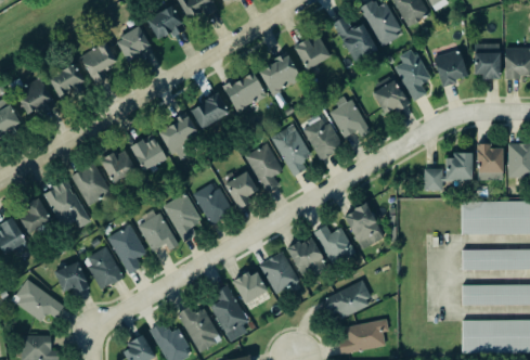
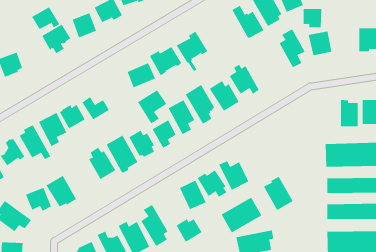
building: [293,37,328,69] -> none
building: [473,53,499,79] -> [303,8,322,28]
building: [48,64,87,95] -> [31,6,60,30]
building: [371,76,409,116] -> none
building: [159,114,199,160] -> [137,89,167,124]
building: [423,153,470,190] -> none
building: [342,203,384,249] -> [263,176,294,211]
building: [104,218,148,277] -> none
building: [231,272,267,305] -> [176,218,202,243]

